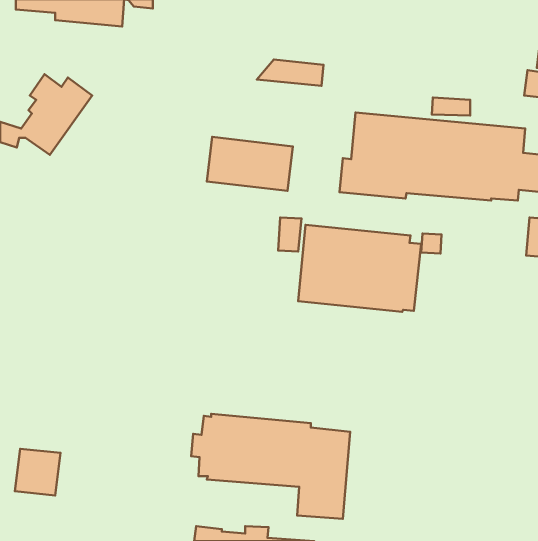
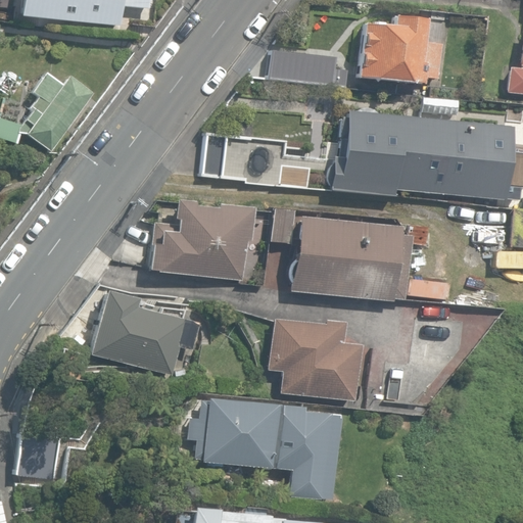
building: none -> [361,15,443,84]
building: none -> [152,199,256,280]
building: none -> [91,291,201,375]
building: none -> [268,318,360,400]

